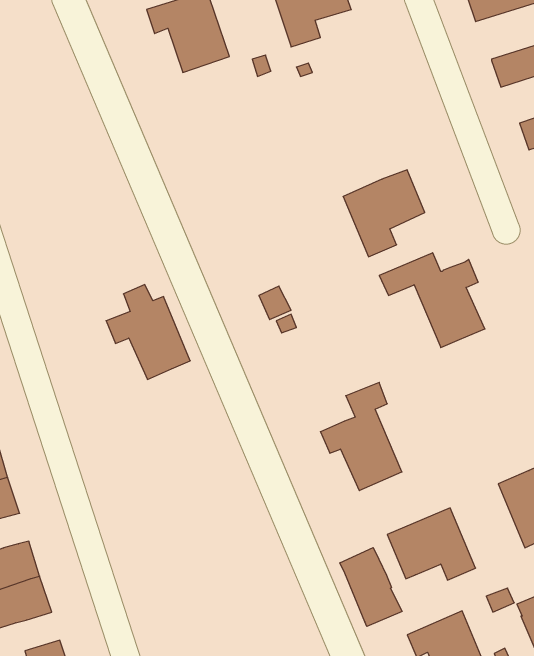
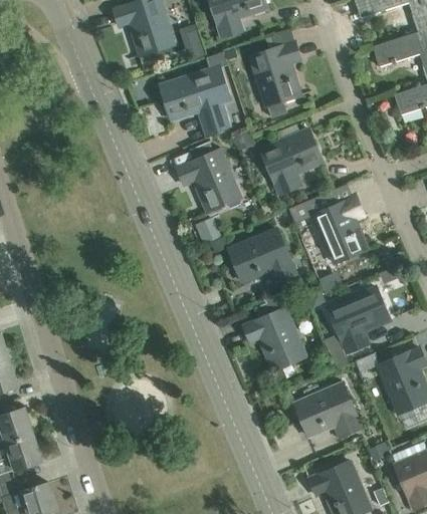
building: none -> [251,42,300,118]
building: none -> [161,65,233,136]
building: [106,285,190,379] -> [177,141,240,212]
building: none -> [229,229,296,283]
building: none -> [328,287,390,352]
building: [340,548,402,626] -> none

